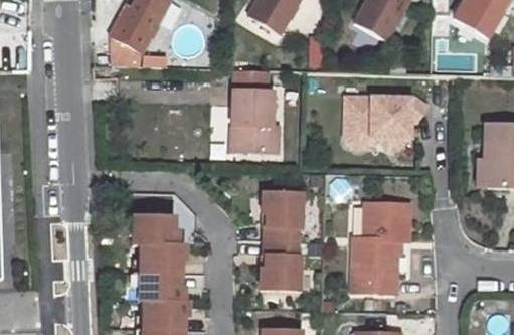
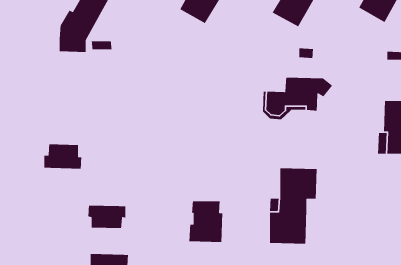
building: [232,69,278,150] -> none
building: [261,190,301,239] -> none
building: [134,215,179,245] -> [43,144,82,169]
building: [140,272,185,302] -> none

